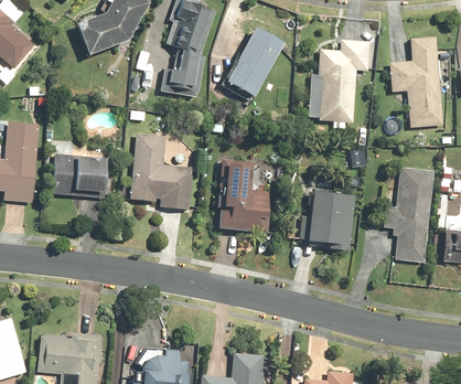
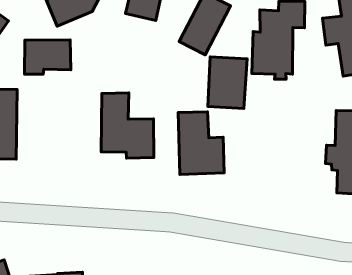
building: [161,52,204,98] -> none
building: [54,156,108,195] -> [25,40,71,74]
building: [309,191,356,252] -> [208,57,247,108]

